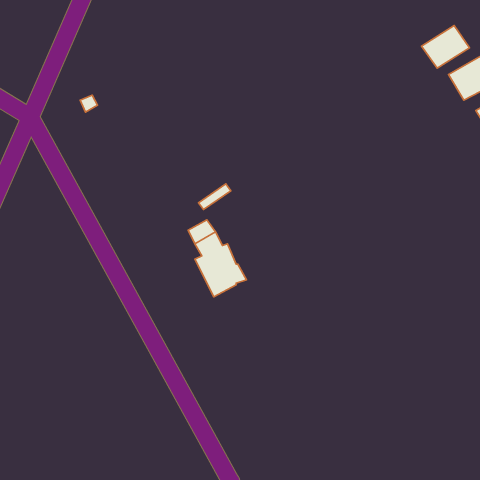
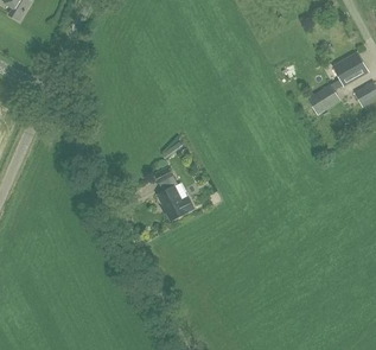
building: [422,25,470,68] -> [305,83,338,113]

